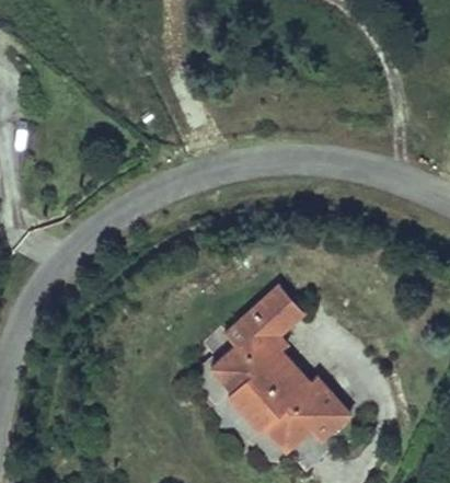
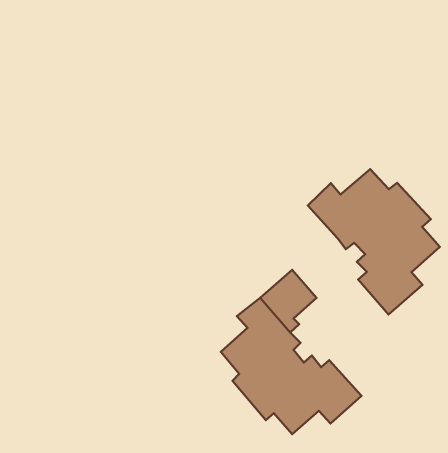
building: none -> [308,169,440,315]

